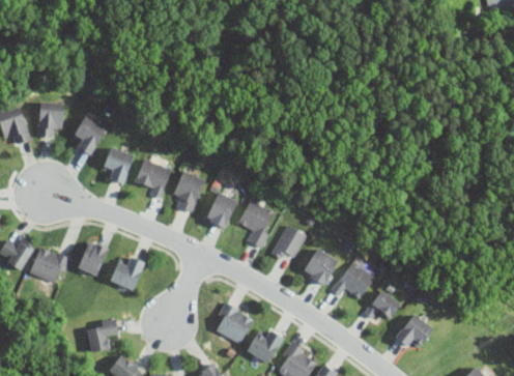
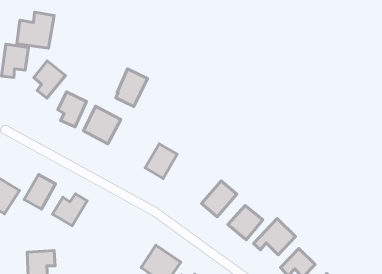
building: none -> [17,12,54,48]
building: [173,171,205,211] -> [116,69,147,107]
building: [238,200,279,248] -> none

